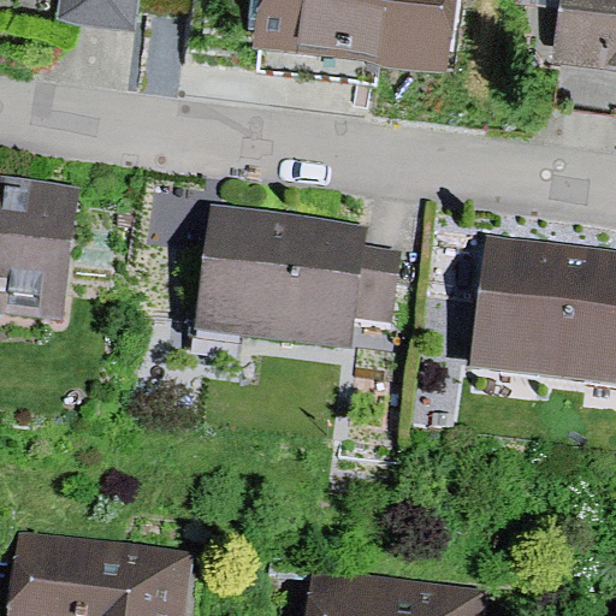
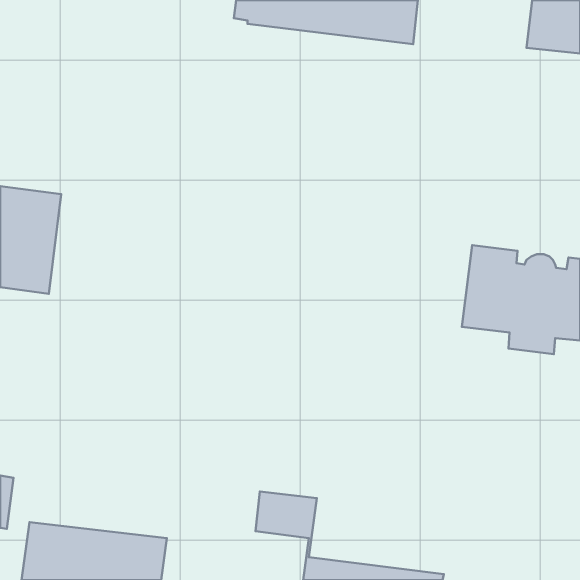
building: [207,226,398,346] -> none

